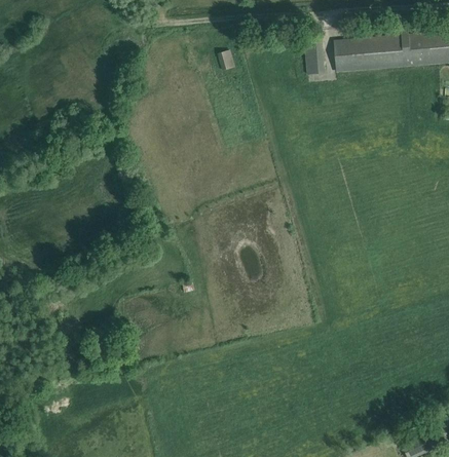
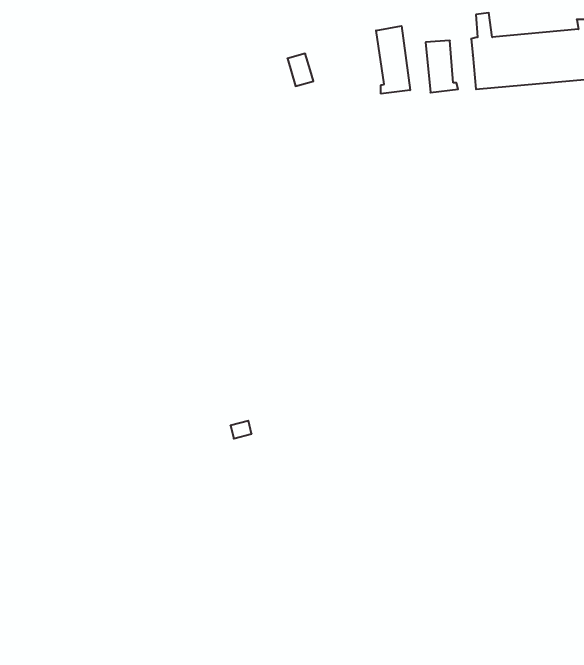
building: none -> [376,26,410,94]

